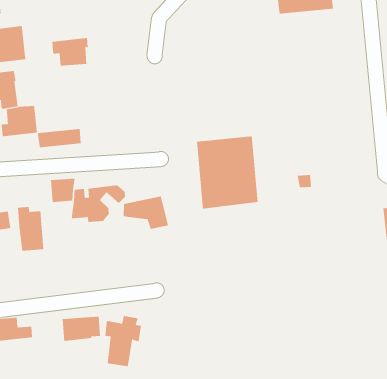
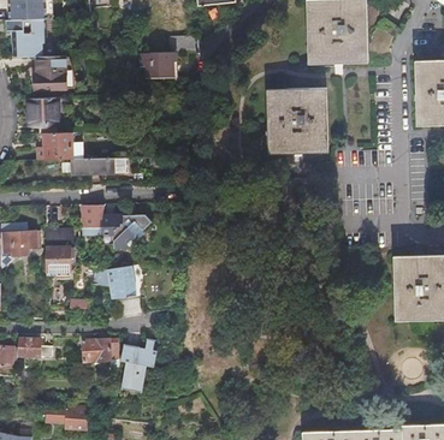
building: [52,38,89,66] -> [142,53,177,78]
building: [196,136,259,209] -> [268,89,324,155]
building: [123,196,169,229] -> [91,267,135,298]

